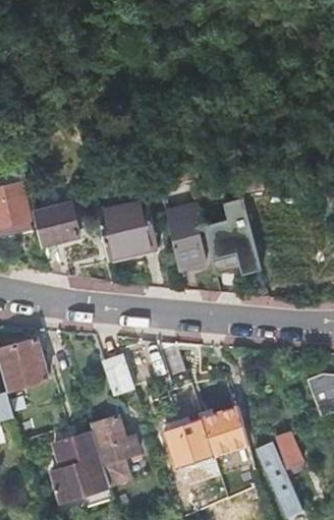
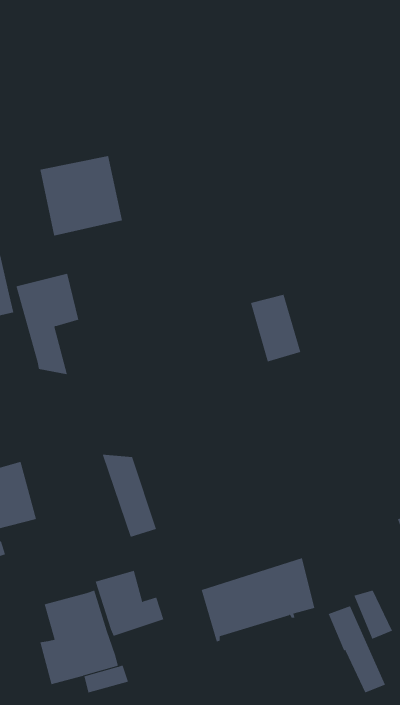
building: [221,196,262,275] -> none
building: [94,200,154,258] -> [39,155,123,236]
building: [165,207,205,269] -> none

